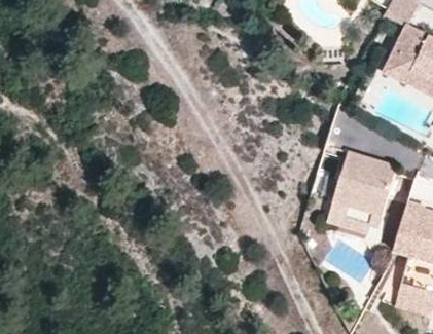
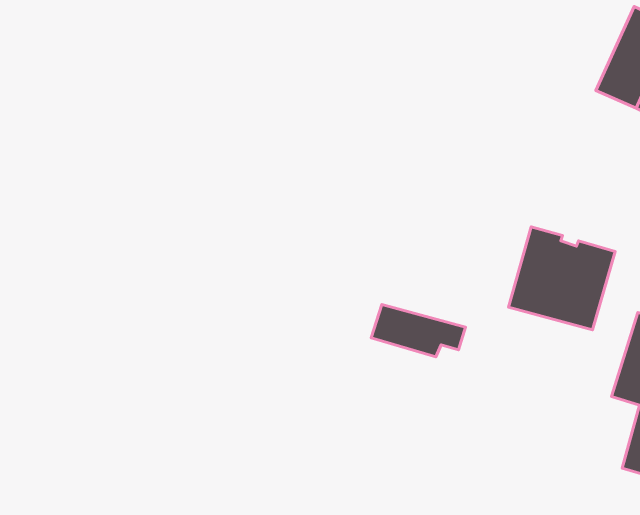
building: [327,199,383,230] -> [371,304,466,357]

